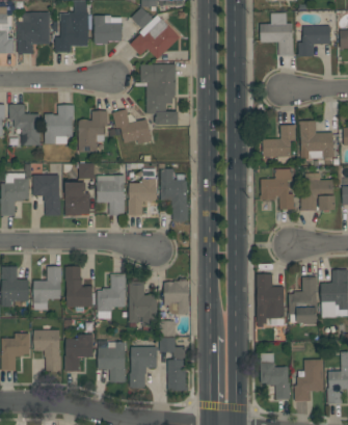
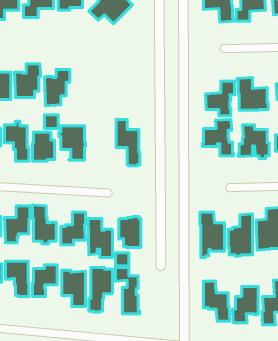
building: [135,64,179,125] -> none
building: [112,110,152,144] -> none
building: [128,179,157,215] -> none

